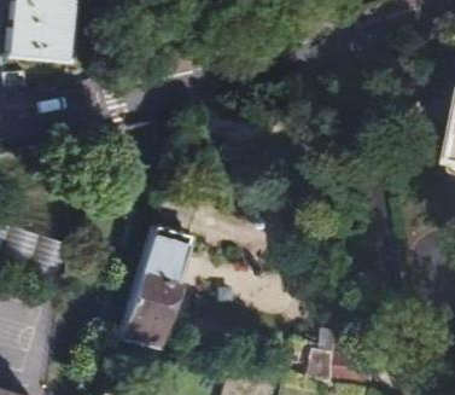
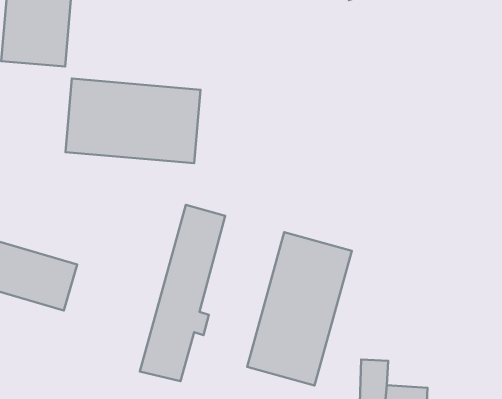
building: none -> [65,79,200,163]
building: none -> [247,232,352,386]

